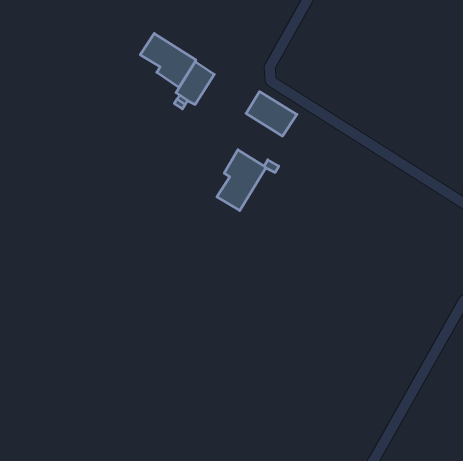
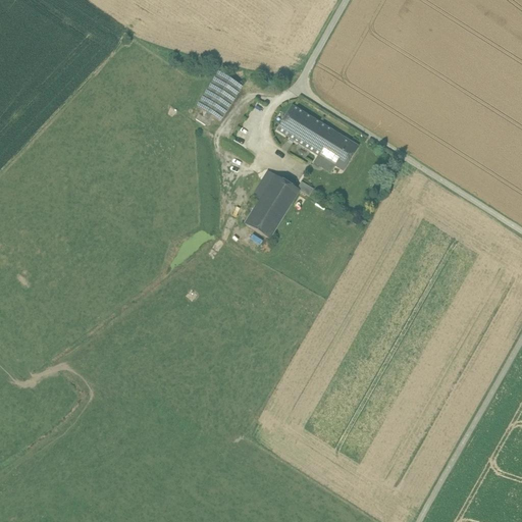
building: [140,33,196,87] -> none
building: none -> [318,128,359,168]

